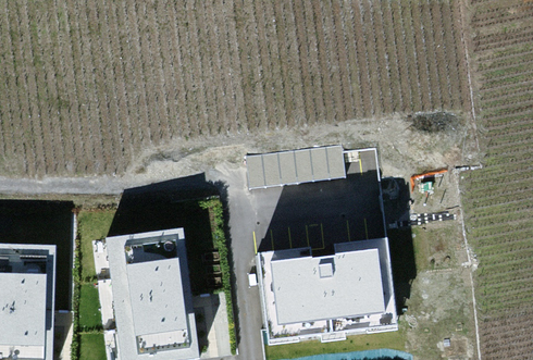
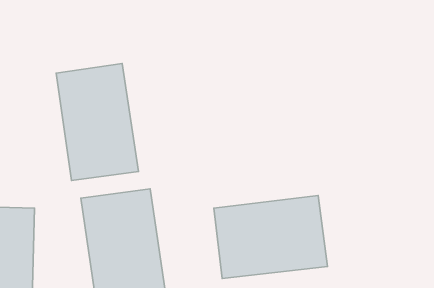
building: none -> [56,63,138,180]

